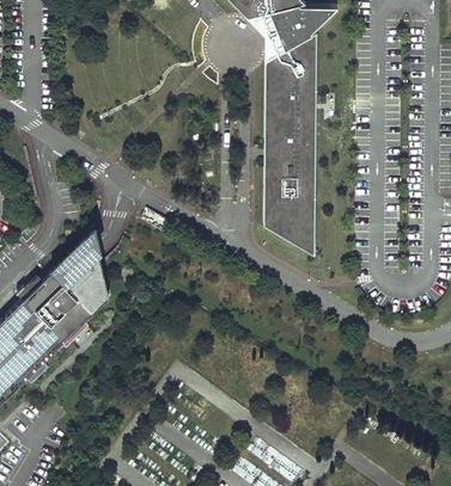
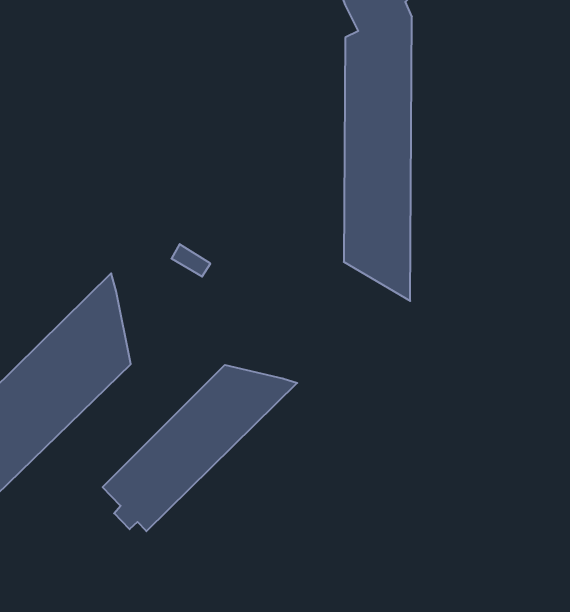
building: none -> [103,365,297,531]

